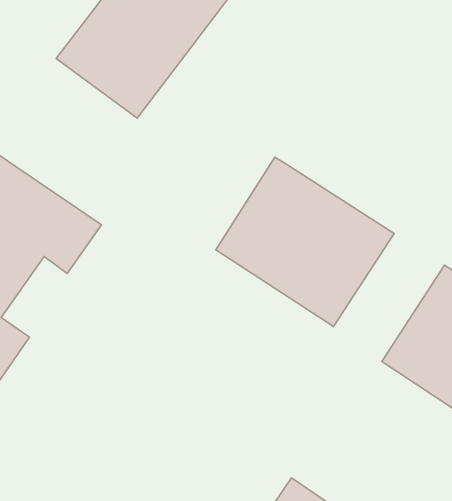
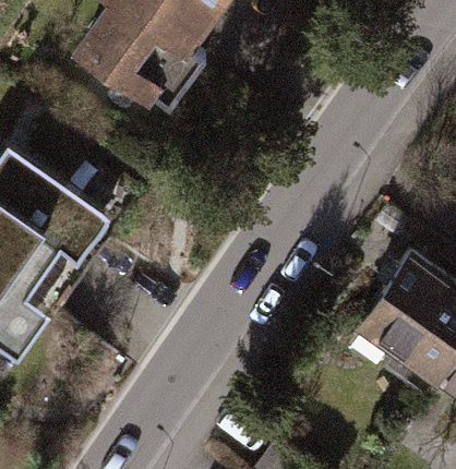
building: [216,157,394,326] -> none

